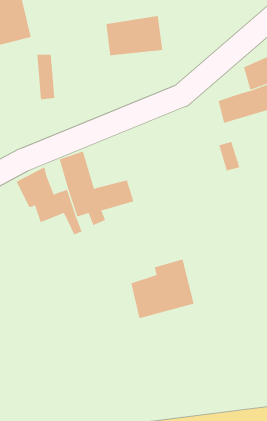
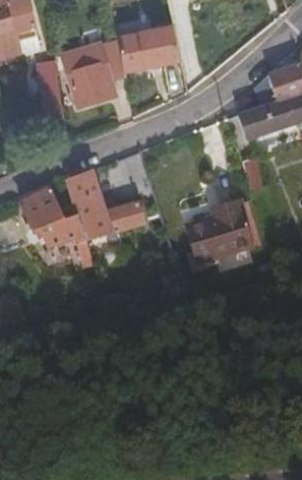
building: none -> [63,35,124,106]
building: [130,259,194,319] -> [182,202,251,267]

